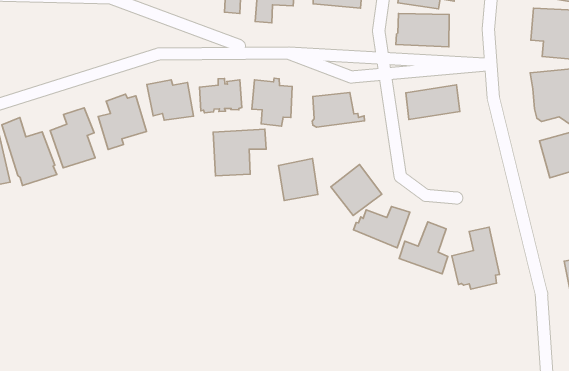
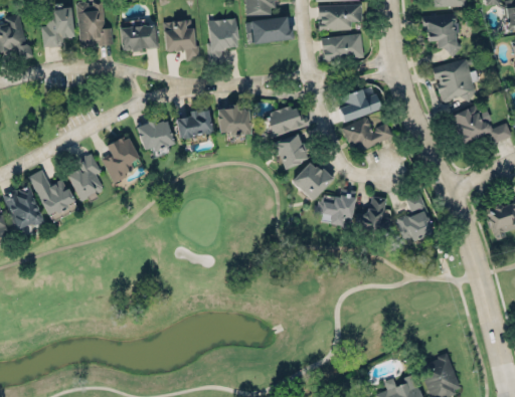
building: none -> [343,118,393,154]
building: [213,129,266,176] -> none
building: [279,158,318,200] -> [274,134,308,170]

